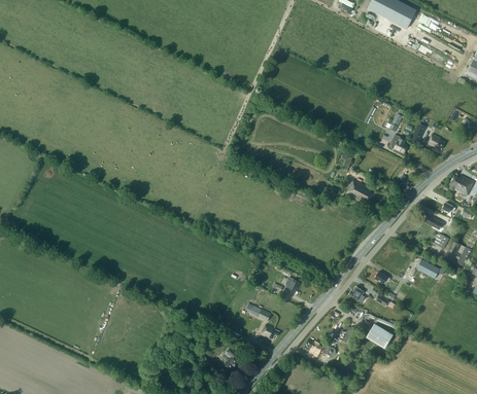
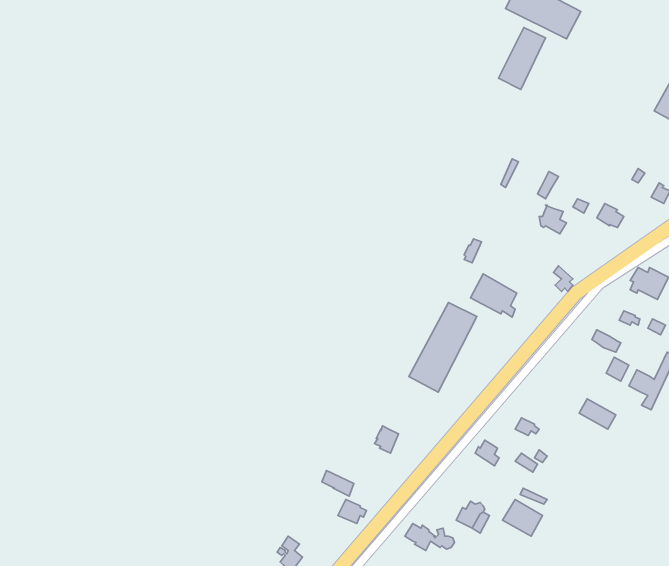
building: none -> [498,28,546,90]
building: none -> [409,302,477,392]

